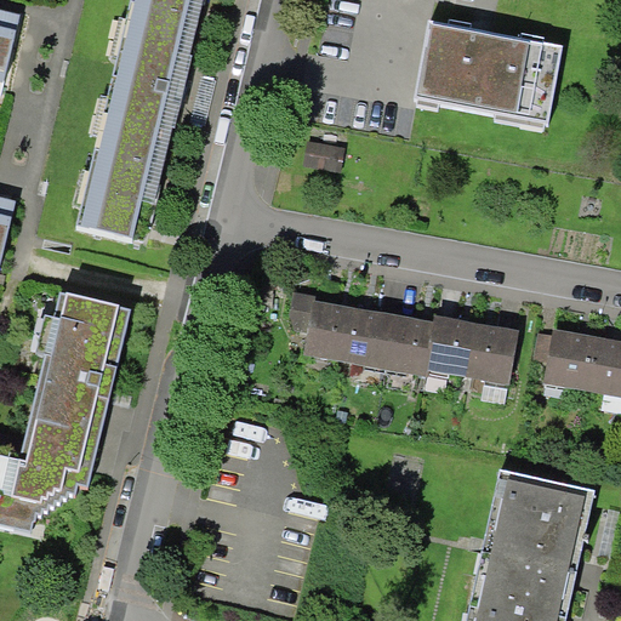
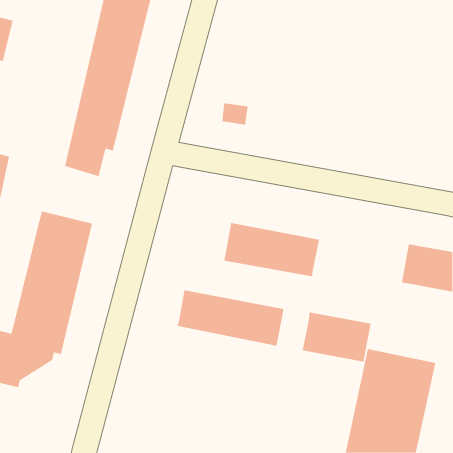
building: [415,21,562,130] -> none
building: [426,315,520,383] -> [302,312,371,362]
building: none -> [177,289,284,346]

